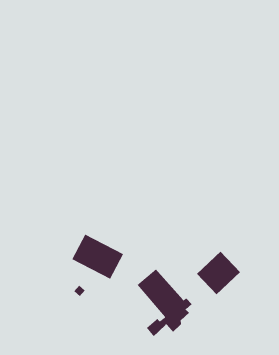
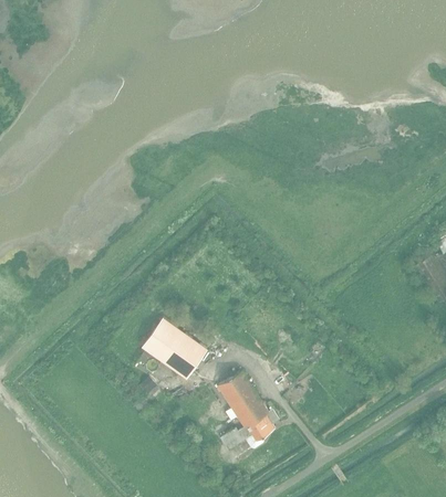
building: [196,251,241,295] -> none

